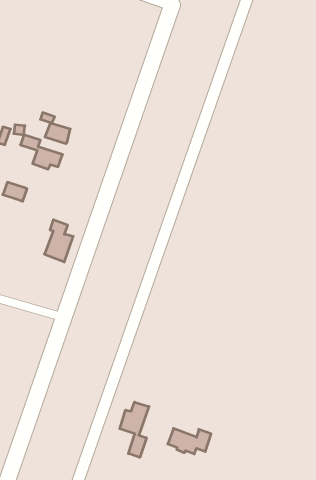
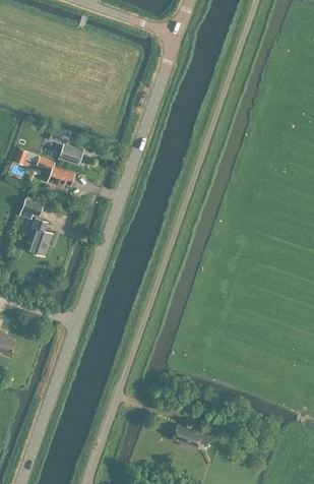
building: [44,220,73,262] -> [25,218,52,256]
building: [120,402,149,457] -> none

